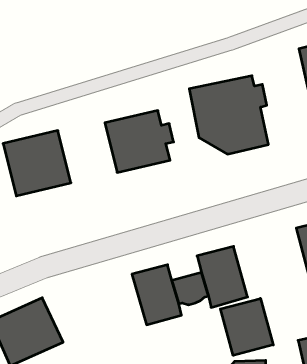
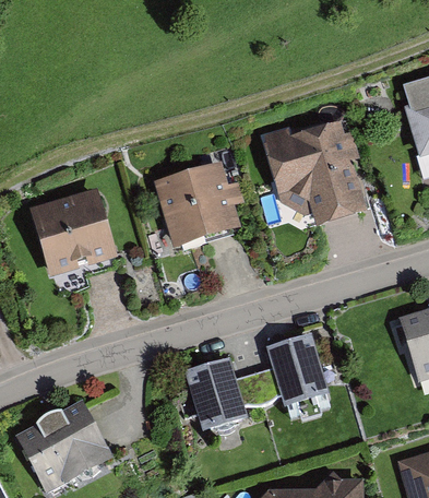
building: [220,298,273,355] -> none

